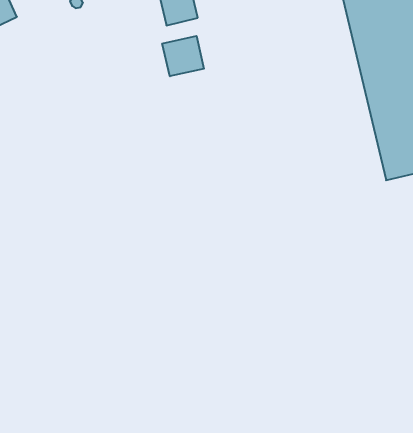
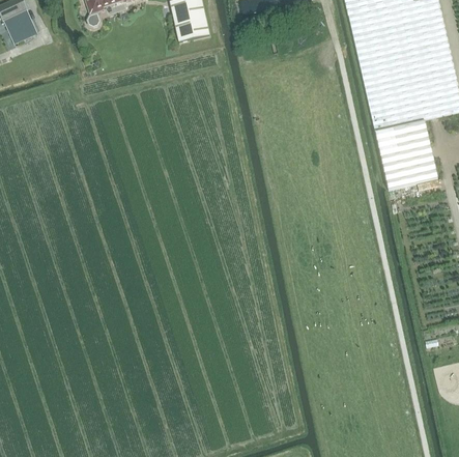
building: [162,36,204,76] -> none

